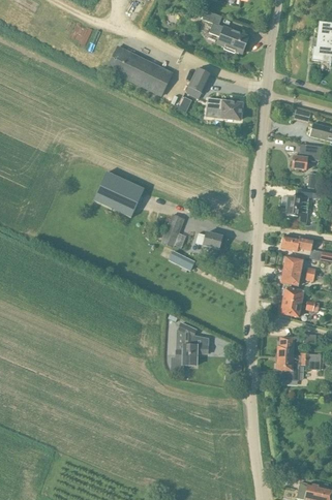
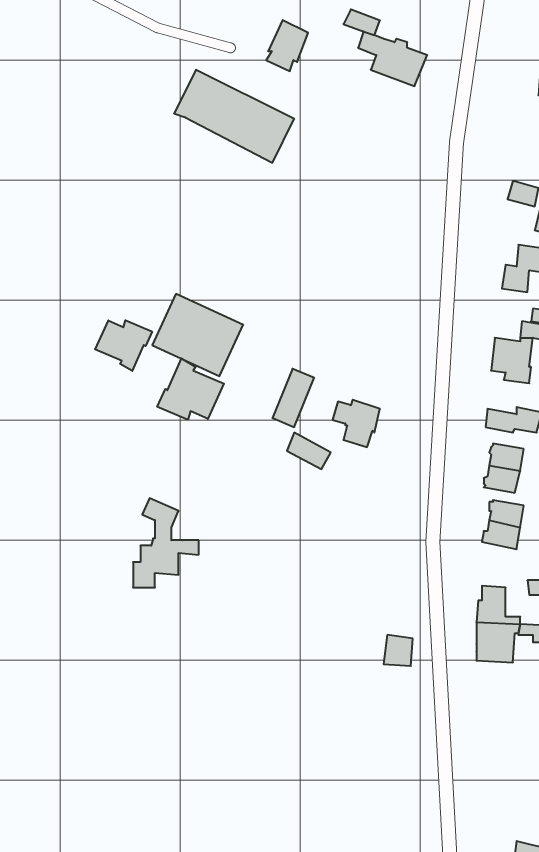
building: [183,70,207,99] -> [266,20,308,71]
building: [207,97,243,120] -> none
building: none -> [95,320,152,371]
building: none -> [157,358,224,420]
building: [172,321,209,372] -> [133,498,199,588]

